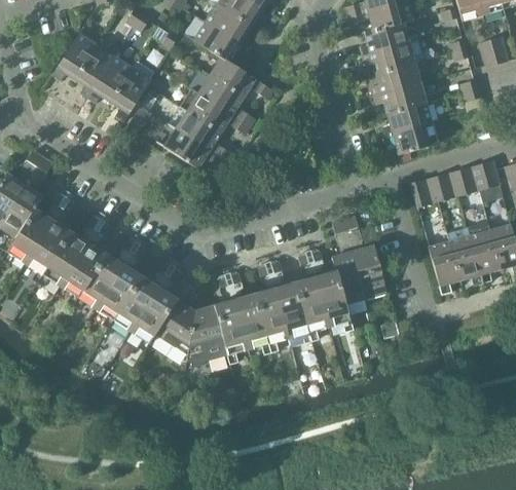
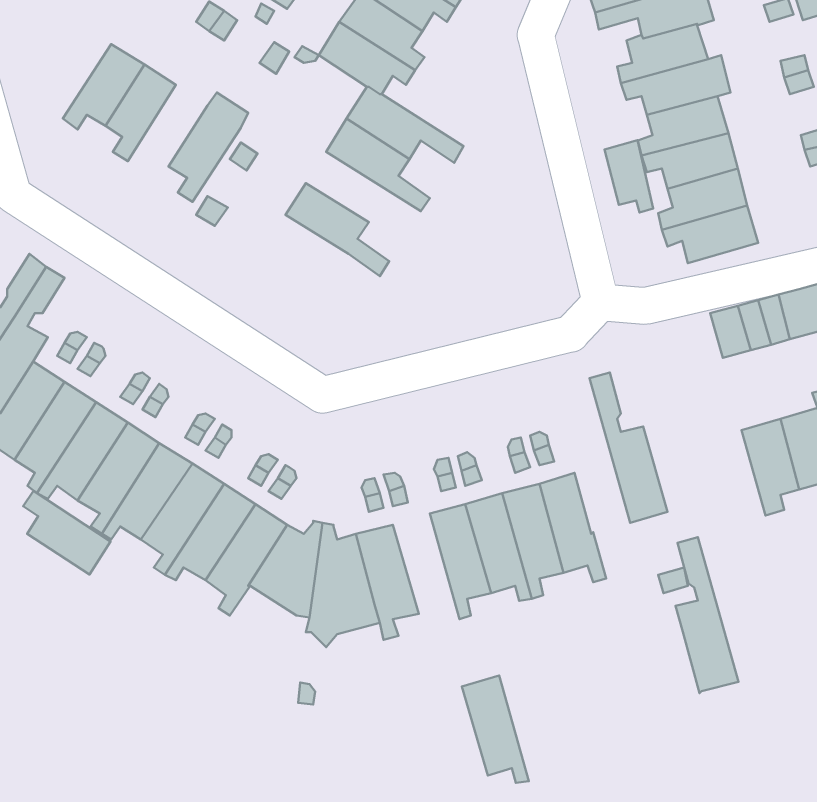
building: [88,54,133,102] -> none
building: none -> [605,140,653,212]
building: [181,86,251,133] -> none
building: [164,126,228,167] -> none
building: [332,217,367,303] -> [676,537,739,693]
building: none -> [23,491,111,574]
building: [235,292,272,351] -> [462,675,529,783]

